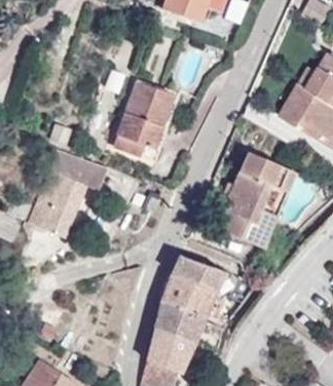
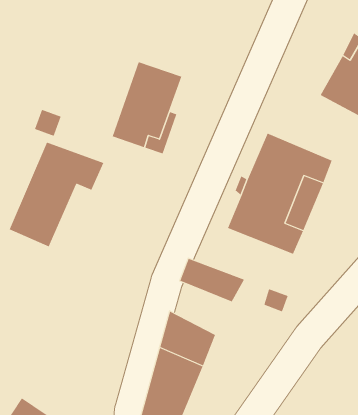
building: [161,265,236,324] -> none

